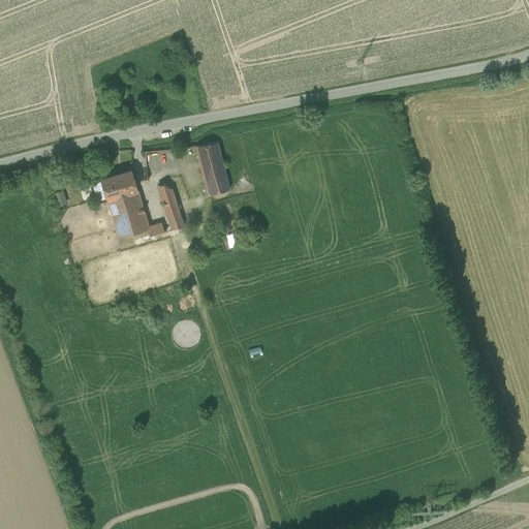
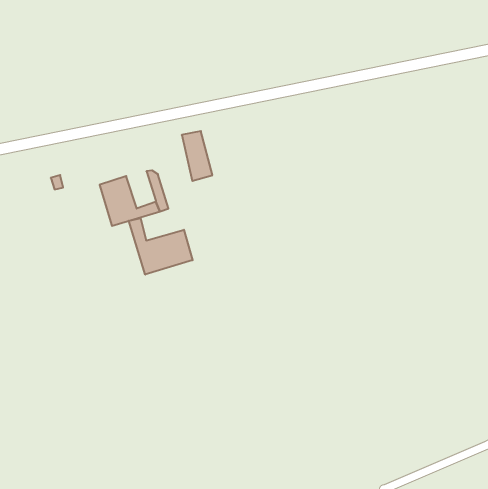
building: [102,170,137,199] -> none
building: none -> [129,218,193,275]

